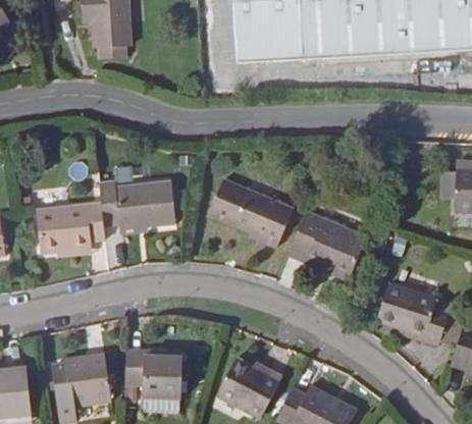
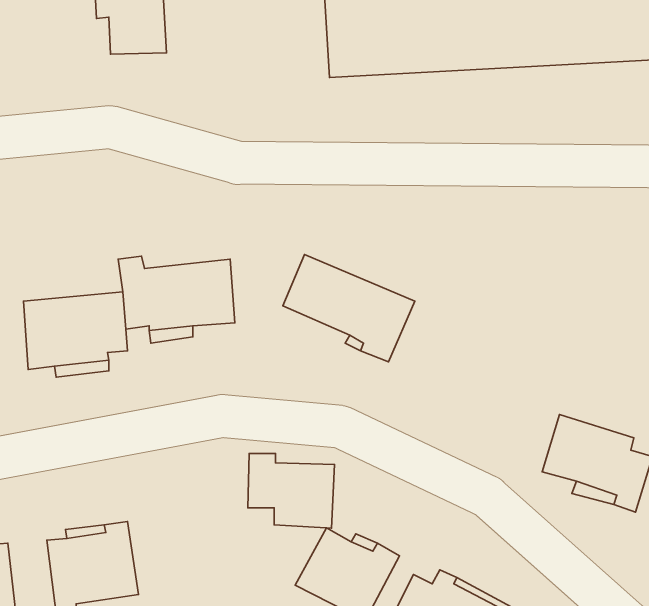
building: [286,212,367,281] -> none
building: [125,350,182,399] -> [248,454,335,528]

